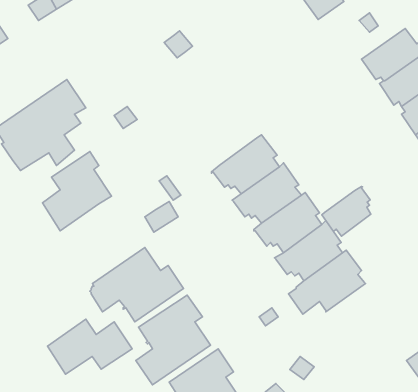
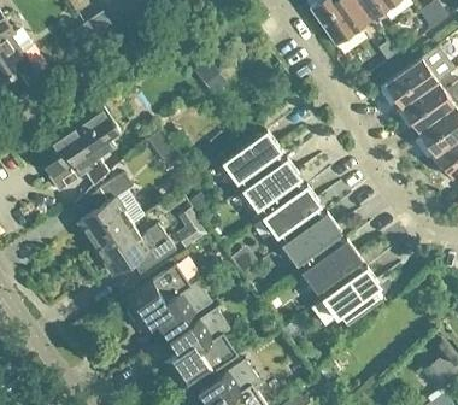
building: none -> [218,130,282,187]
building: [322,186,371,236] -> none
building: [47,319,132,374] -> [96,223,176,275]

